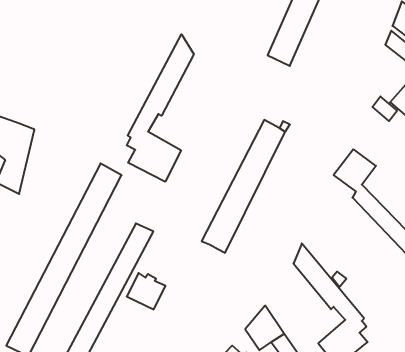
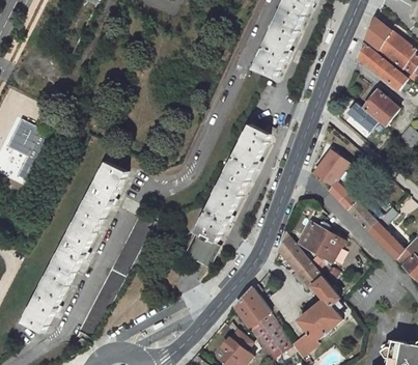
building: [127,34,194,182] -> none
building: none -> [302,224,344,262]
building: [127,273,166,309] -> [186,231,220,263]

